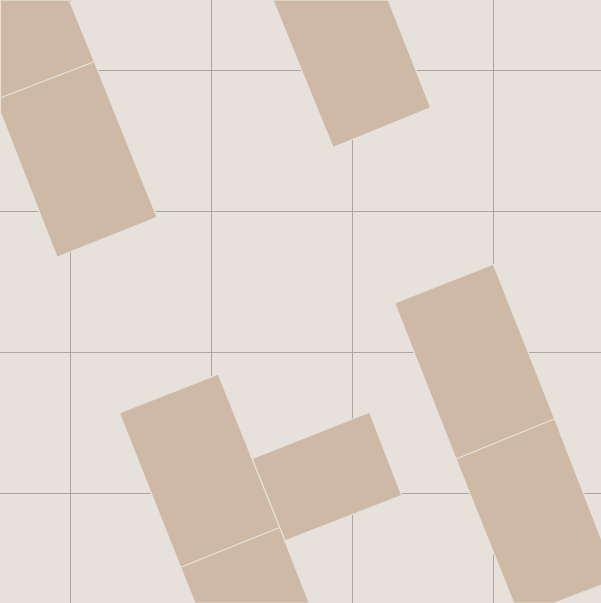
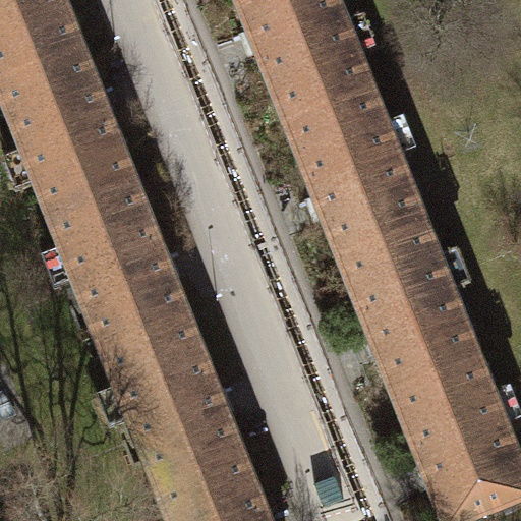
building: none -> [289,93,427,262]
building: none -> [51,187,190,356]
building: [252,412,402,541] -> none

